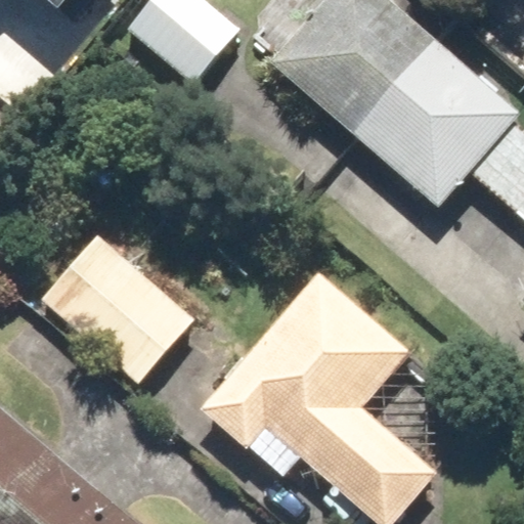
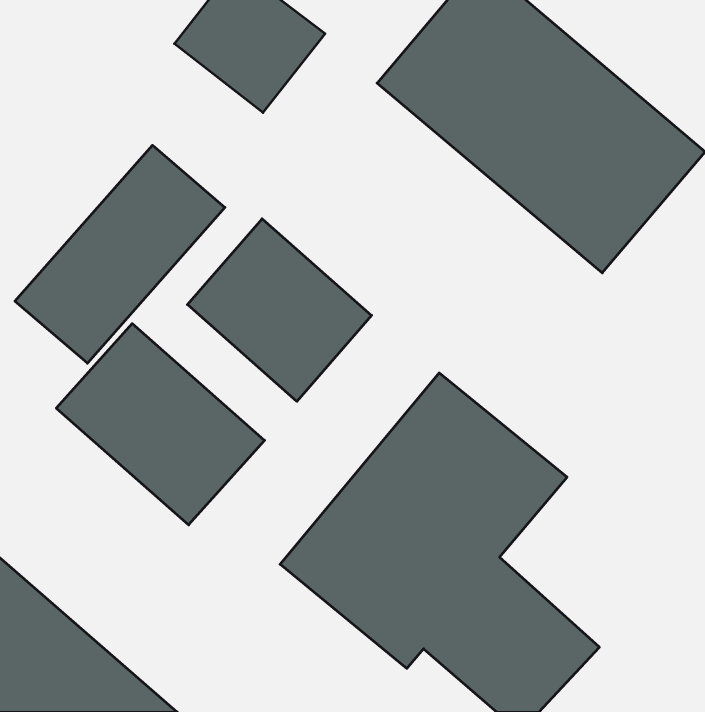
building: none -> [15,145,225,363]
building: none -> [187,219,372,401]

